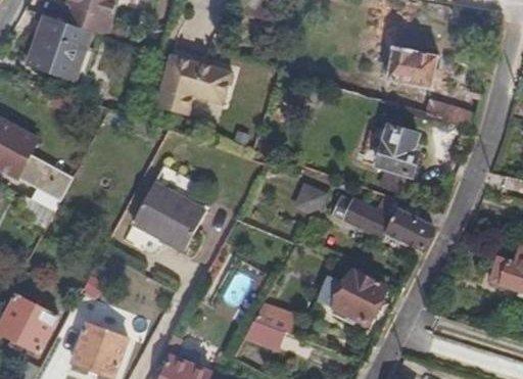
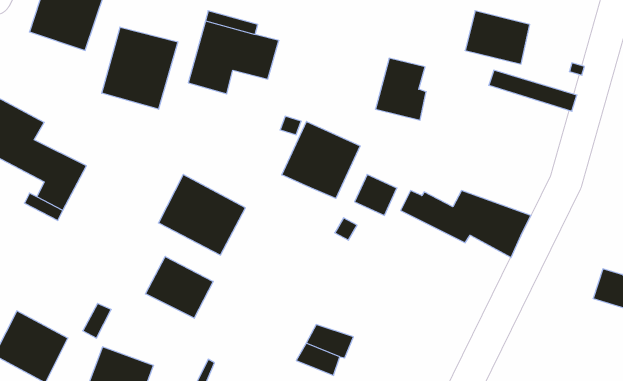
building: none -> [102,27,178,109]
building: [376,125,418,176] -> [375,58,426,120]
building: none -> [282,121,360,198]
building: none -> [145,256,213,318]
building: [317,271,385,326] -> none

